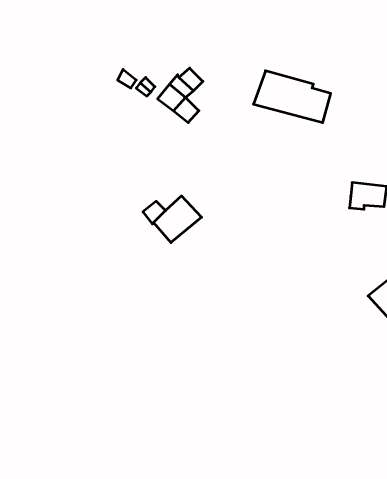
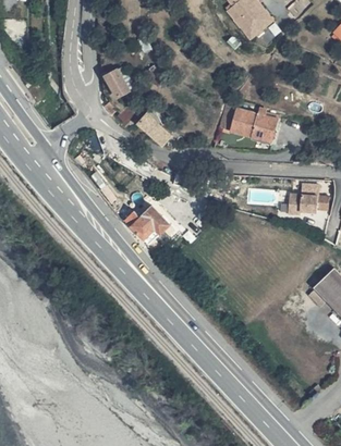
building: none -> [101,65,129,99]

